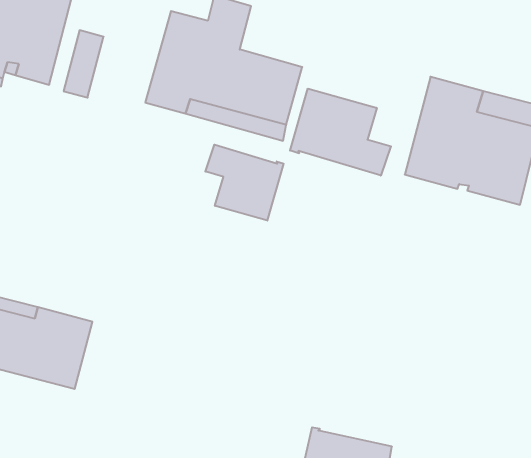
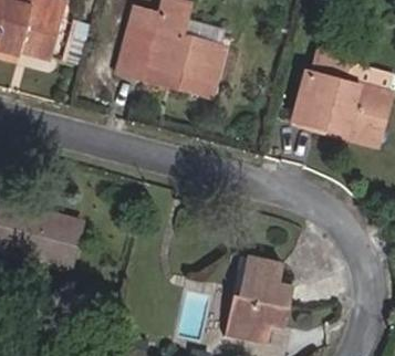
building: [290,89,391,176] -> none
building: [205,145,284,221] -> none
building: none -> [237,258,292,310]

